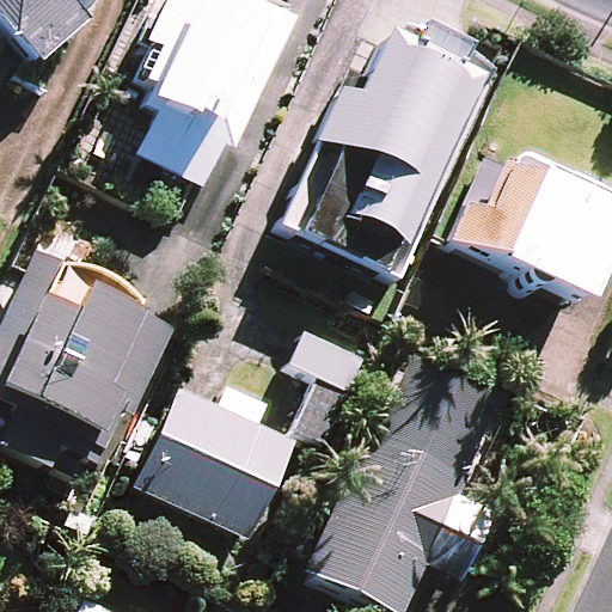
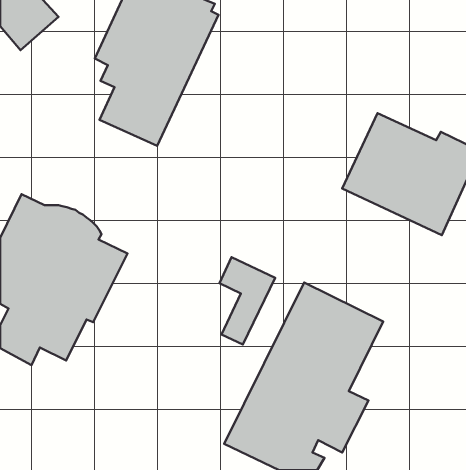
building: [284,36,484,277] -> none
building: [131,387,296,538] -> none

